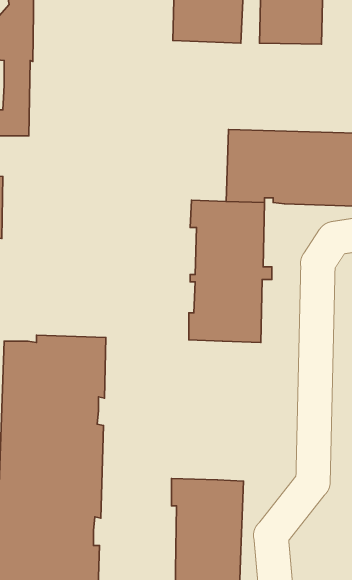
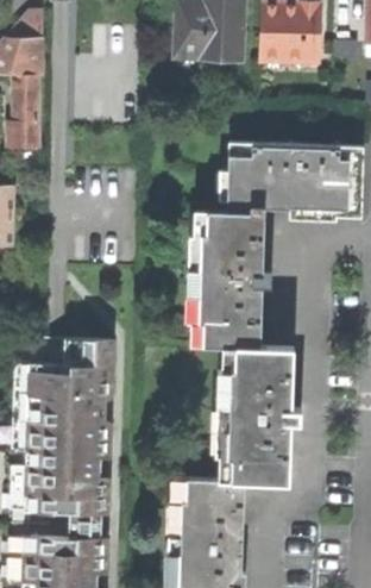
building: none -> [219,346,301,482]

